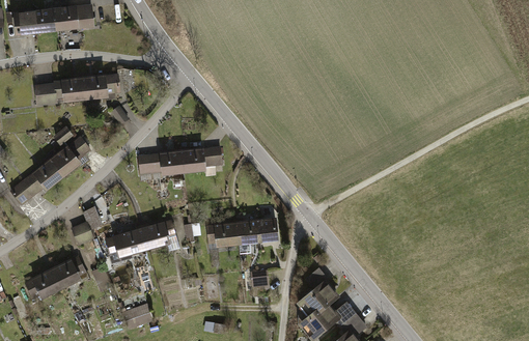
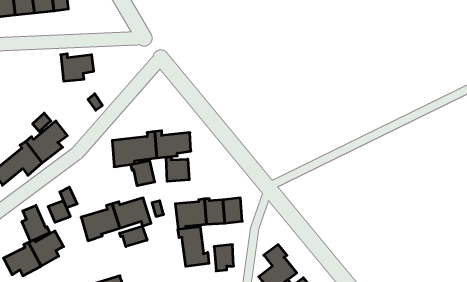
building: [34,66,87,101] -> none
building: none -> [166,157,189,181]
building: none -> [131,160,155,186]
building: none -> [22,205,50,241]
building: none -> [120,226,147,247]
building: none -> [178,227,209,266]

